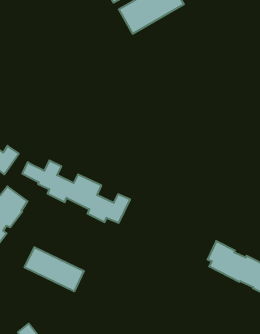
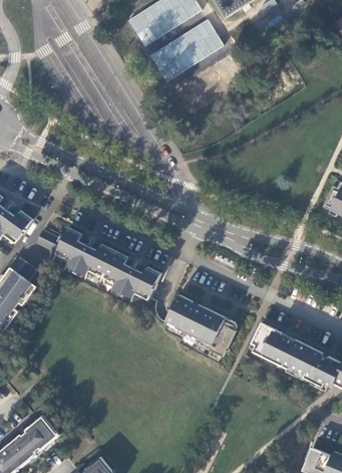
building: none -> [161,295,235,357]
building: [25,247,84,291] -> none

